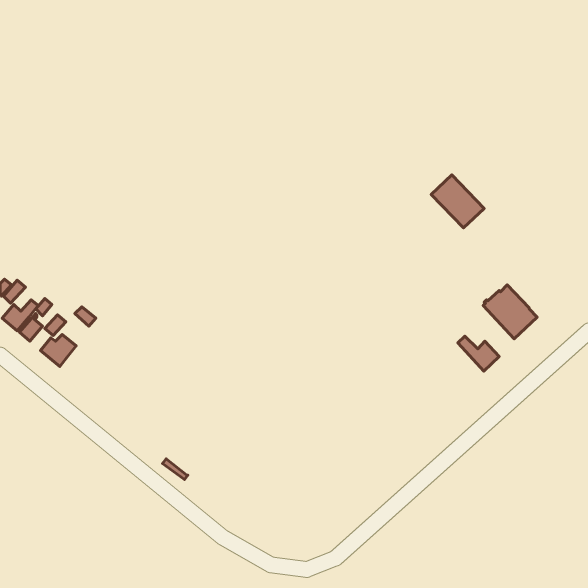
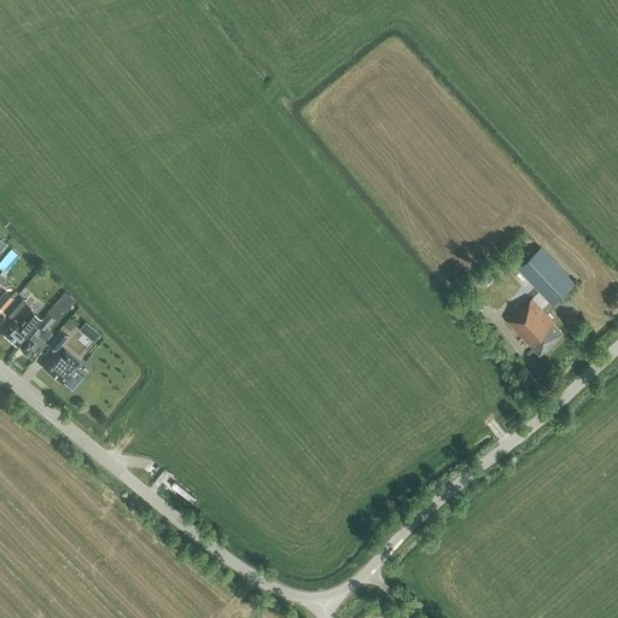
building: [431,175,484,228] -> [520,249,576,304]
building: [458,336,499,371] -> none

